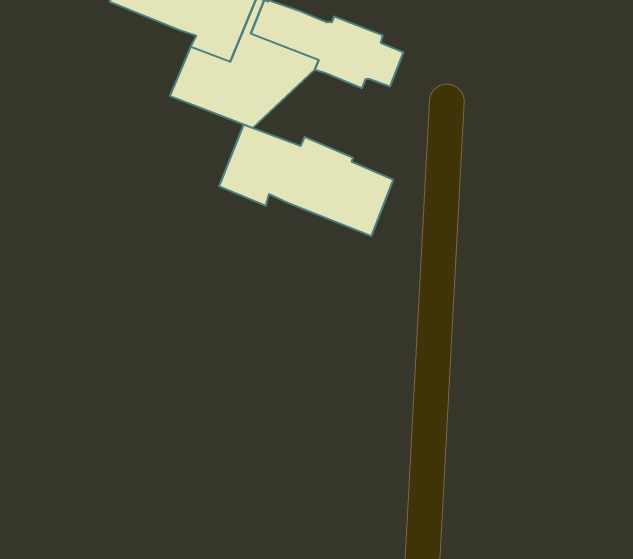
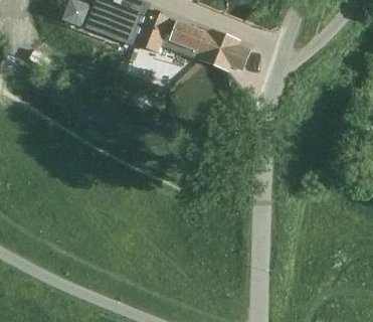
building: [219,124,393,236] -> none

